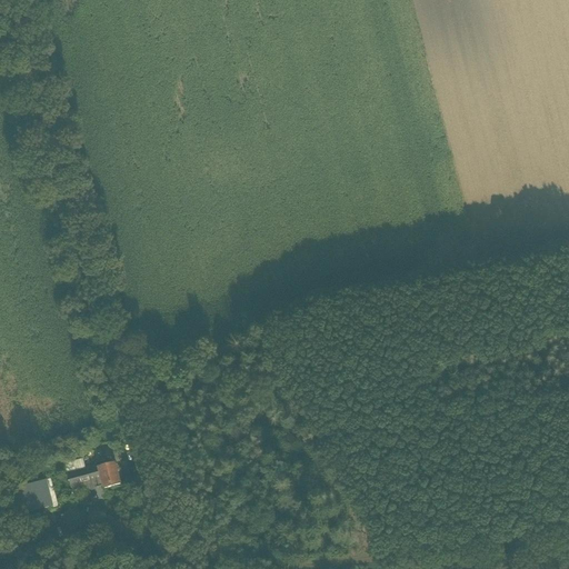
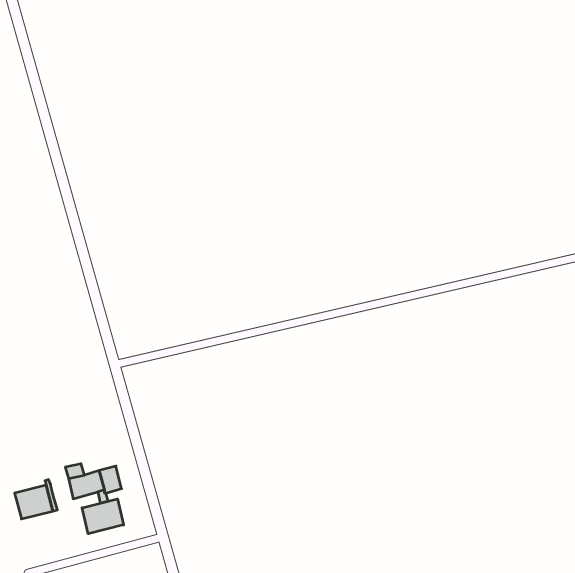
building: none -> [82,499,124,534]

